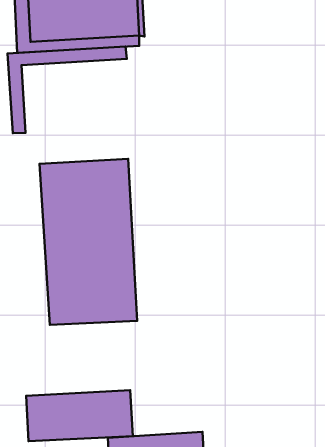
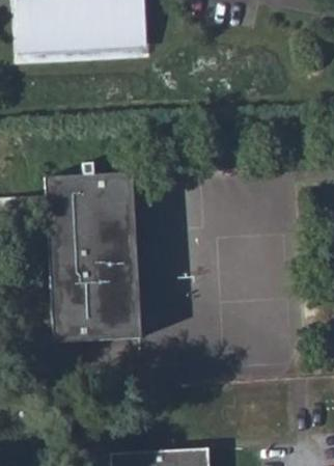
building: [7,47,127,133] -> none
building: [26,390,133,441] -> none

